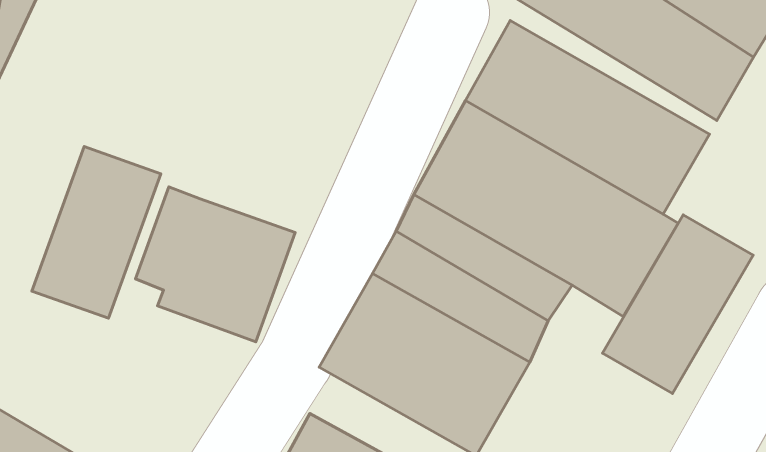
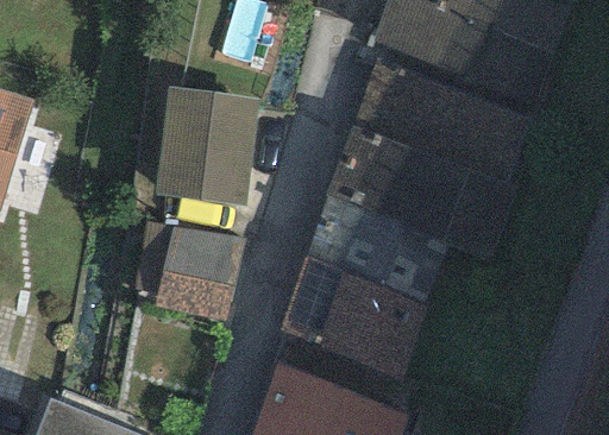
building: none -> [156,87,260,207]
building: [32,147,161,318] -> none
building: [603,215,753,393] -> none

